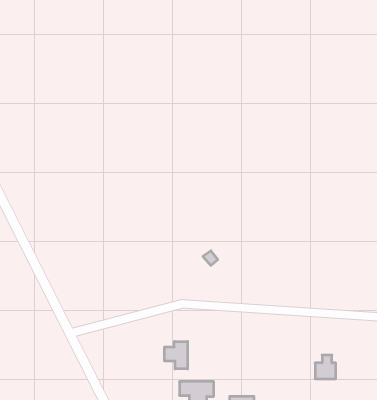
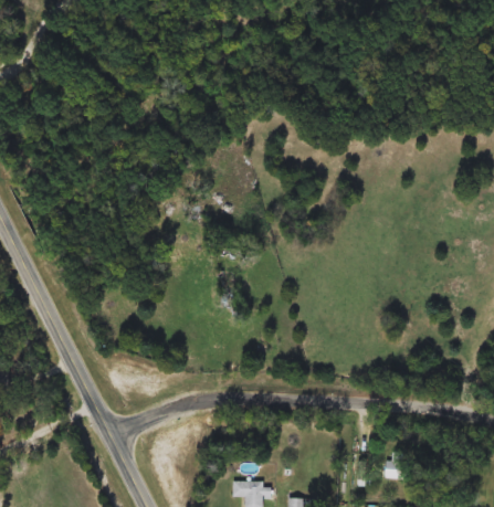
building: [165,341,188,369] -> none

